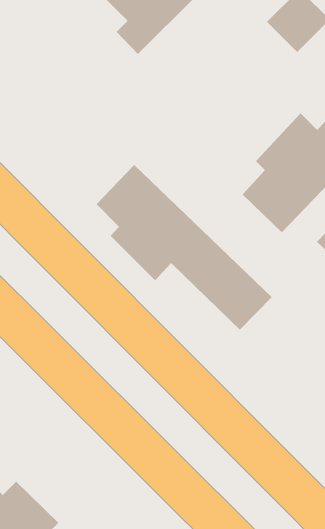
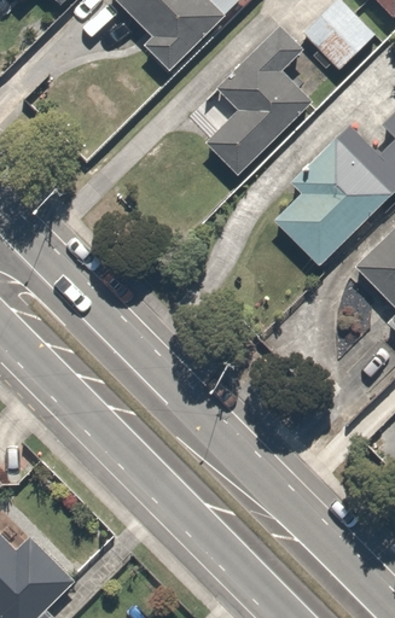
building: none -> [205,24,309,176]
building: [96,164,273,331] -> none

